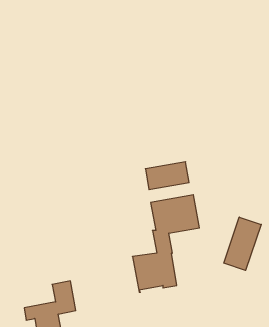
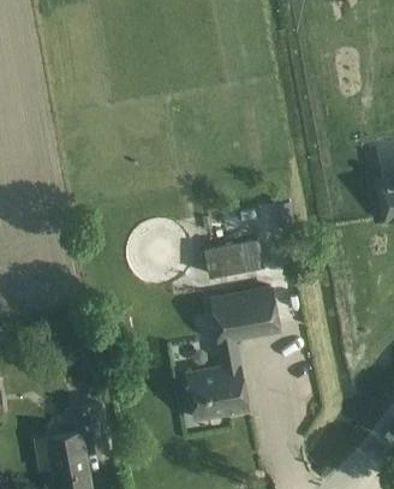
building: [224,217,261,270] -> none

